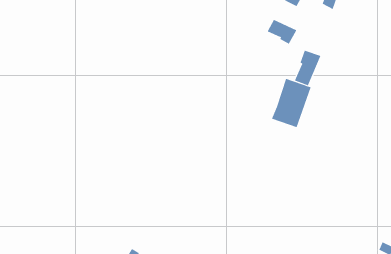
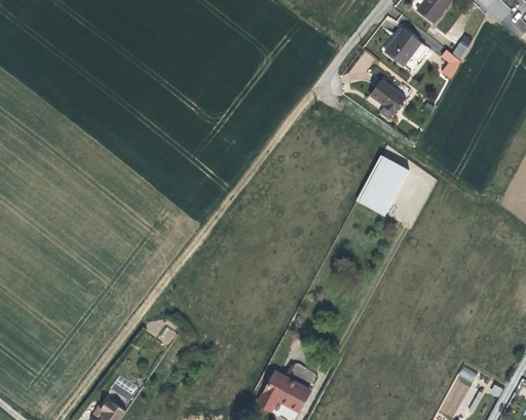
building: [294,50,321,86] -> none

